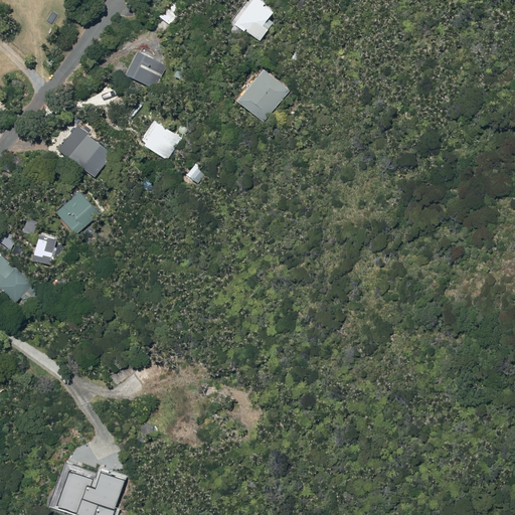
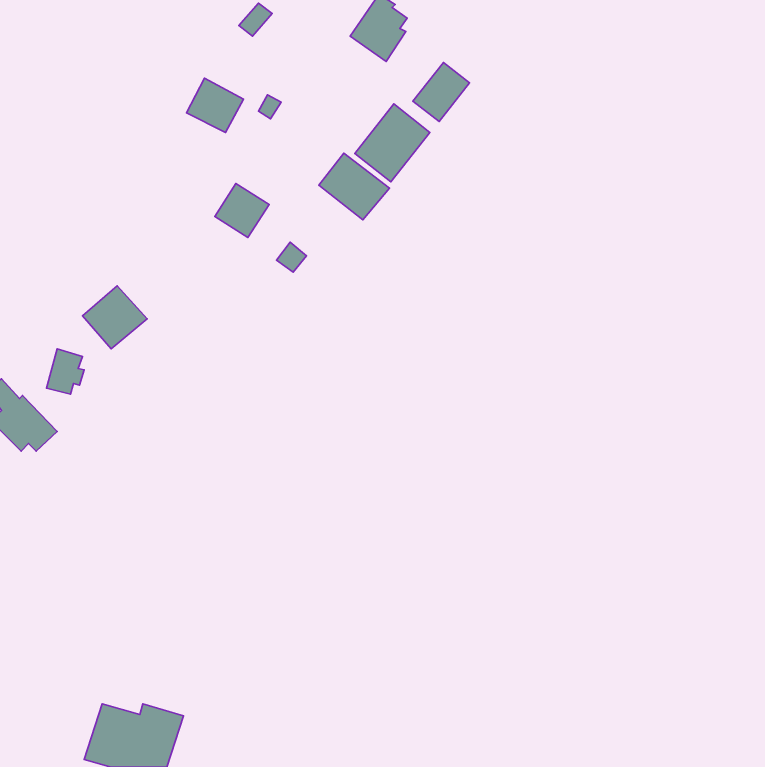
building: none -> [413,62,469,122]
building: none -> [319,153,390,220]
building: [56,126,110,177] -> none

